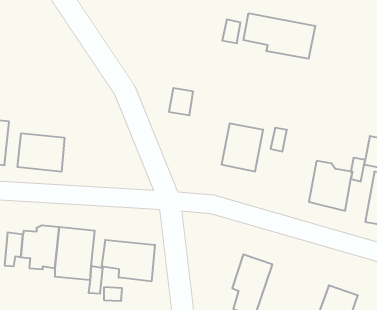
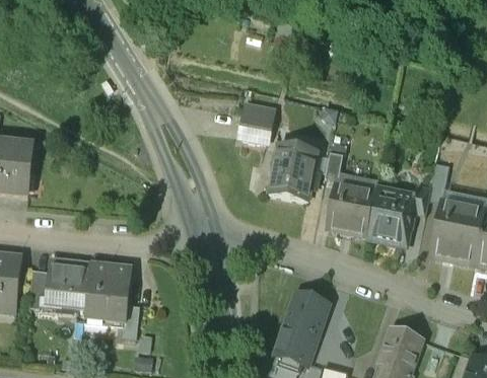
building: [243,13,315,59] -> none
building: [169,88,193,115] -> [244,112,271,143]
building: [17,133,64,172] -> none
building: none -> [328,182,375,233]
building: [102,240,155,281] -> none

